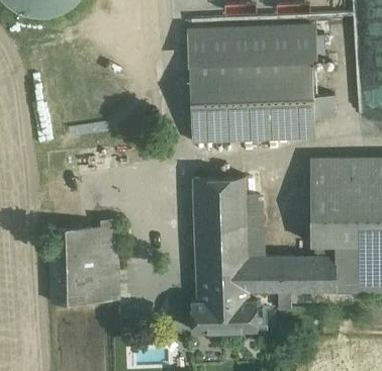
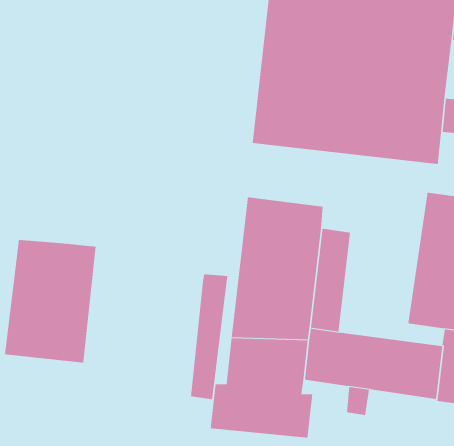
building: [101,219,119,301] -> [190,274,228,400]

